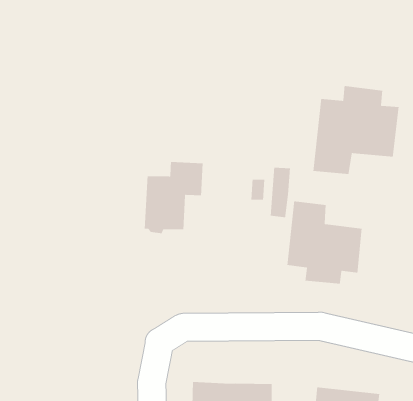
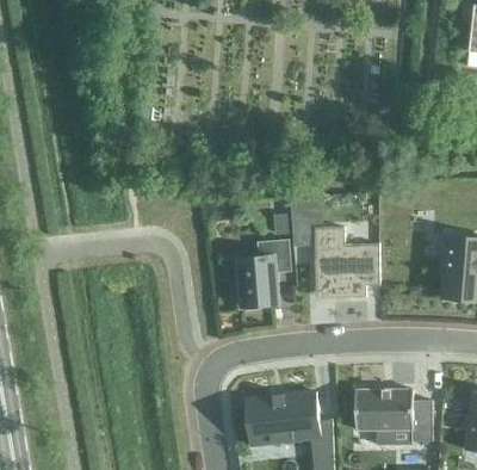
building: [313,85,400,175] -> none
building: [144,161,204,234] -> [238,241,290,309]

